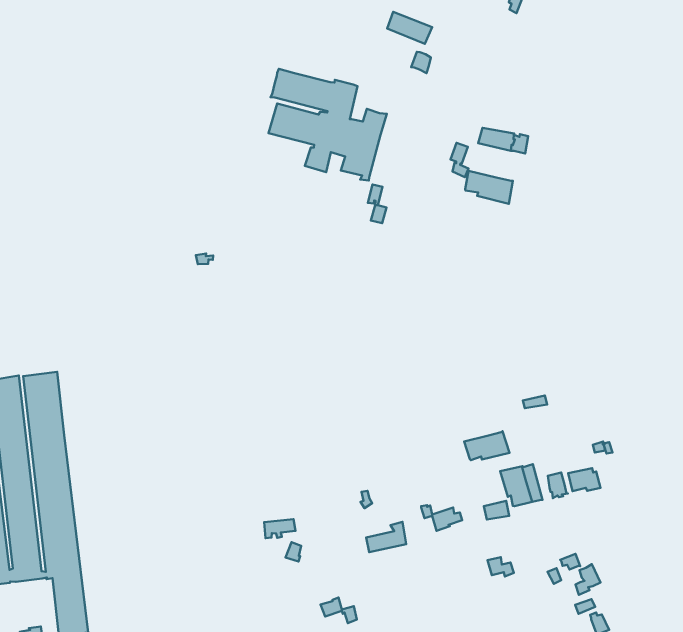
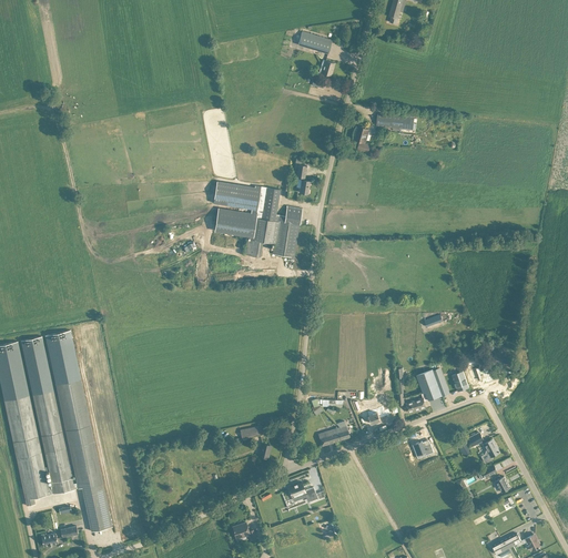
building: [269,69,387,180] -> [212,181,302,260]
building: [465,171,513,204] -> none
building: [464,431,509,460] -> none

